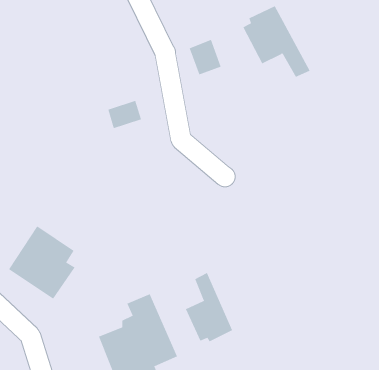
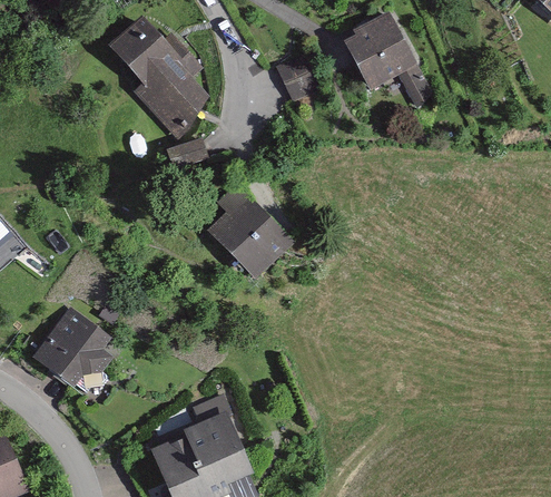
building: none -> [108,14,209,138]
building: none -> [207,177,301,281]
building: [185,272,233,342] -> none

